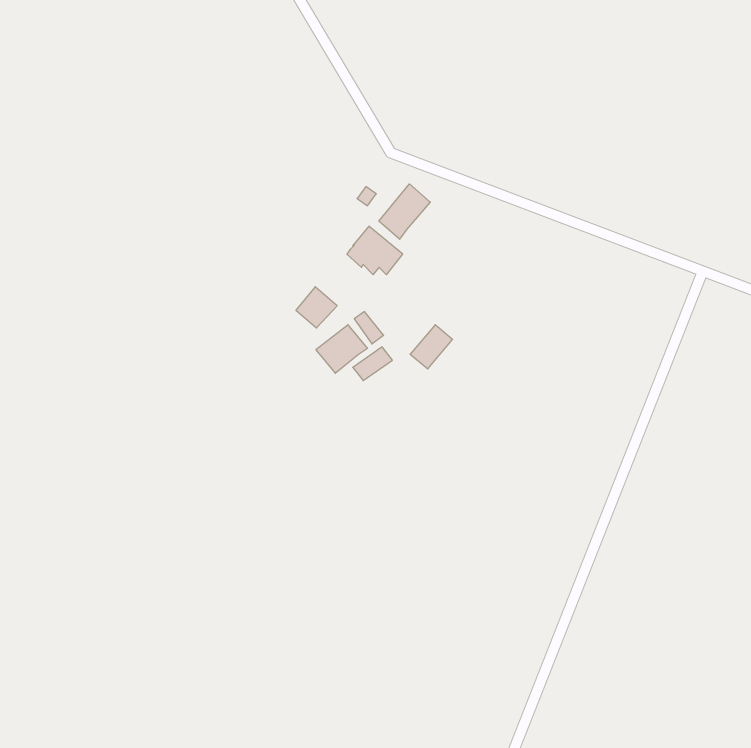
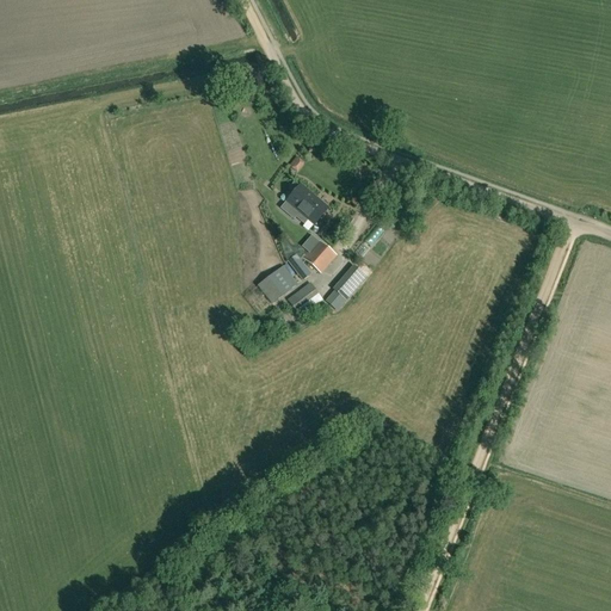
building: [379,184,430,239] -> none
building: [296,287,337,328] -> [303,239,337,272]

